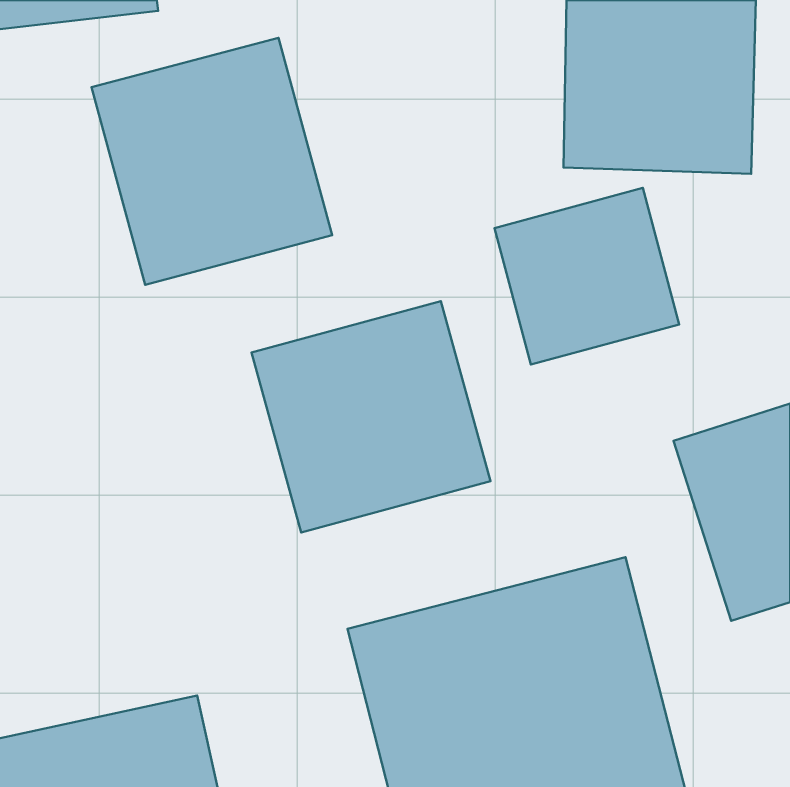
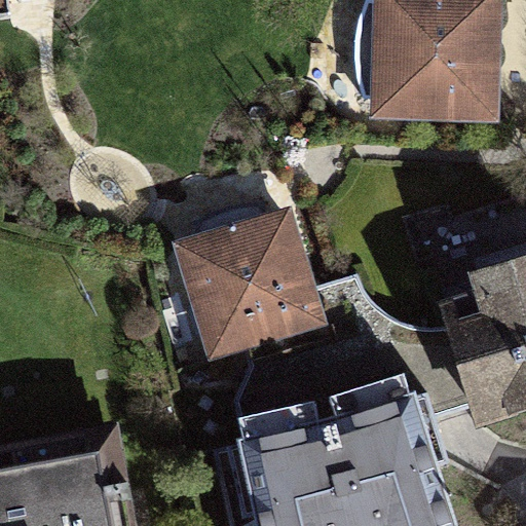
building: [92,38,332,285] -> none
building: [495,188,679,364] -> none

